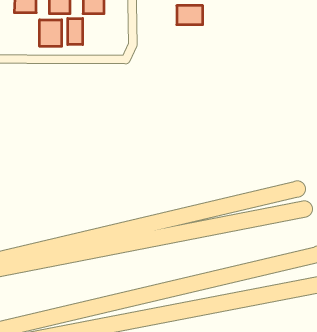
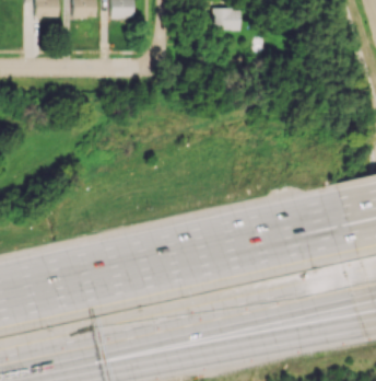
building: [68,18,83,45] -> none
building: [40,20,62,46] -> none

